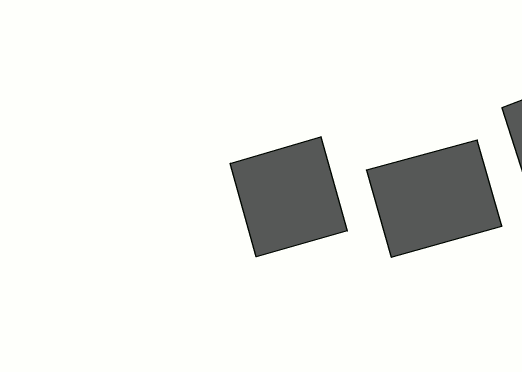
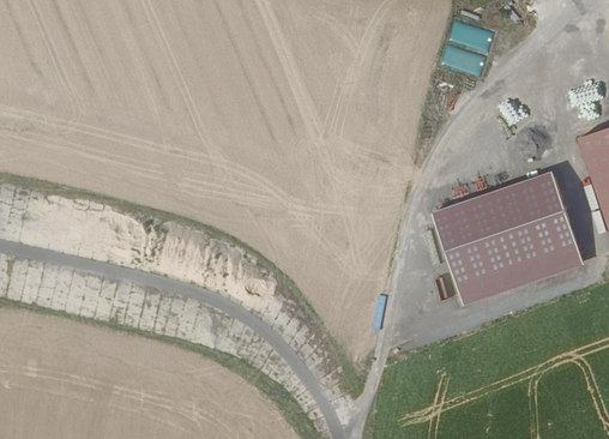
building: [230,137,347,257] -> none

